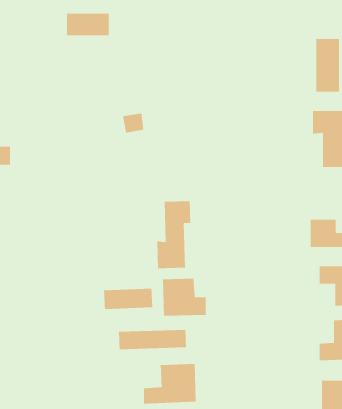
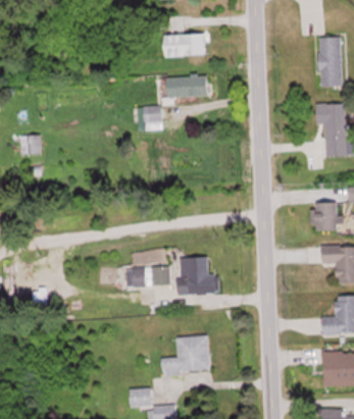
building: [66,13,110,36] -> [165,35,205,56]
building: none -> [175,76,207,96]
building: [156,200,191,269] -> none
building: [118,329,187,350] -> none

